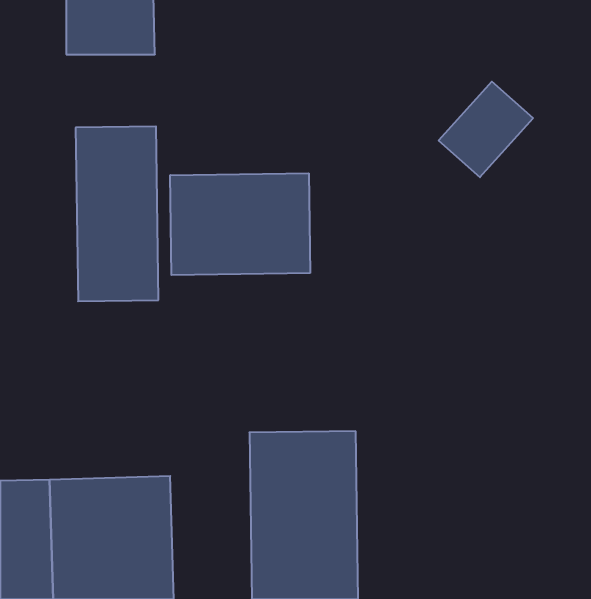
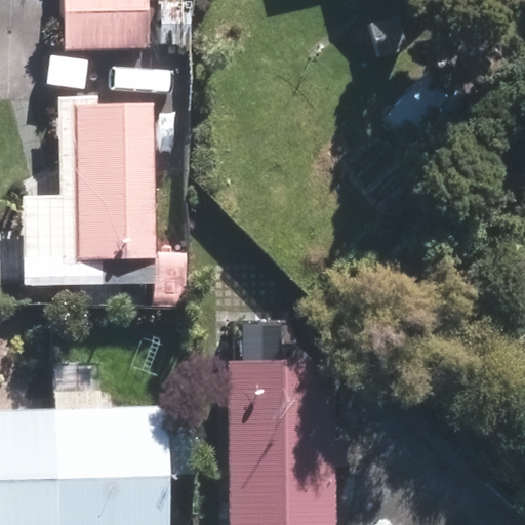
building: [170,173,310,275] -> none

